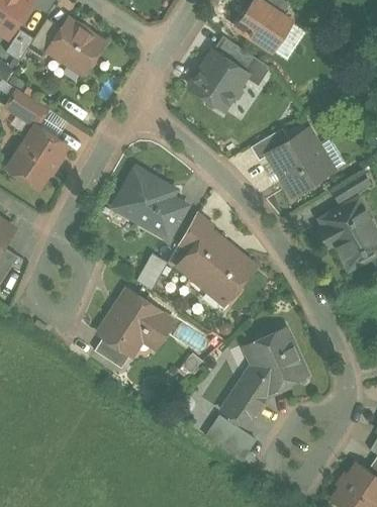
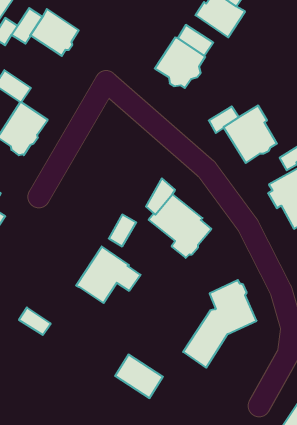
building: [120,169,186,237] -> none
building: [94,336,130,368] -> [19,307,51,335]
building: [206,413,261,463] -> [115,355,163,398]

